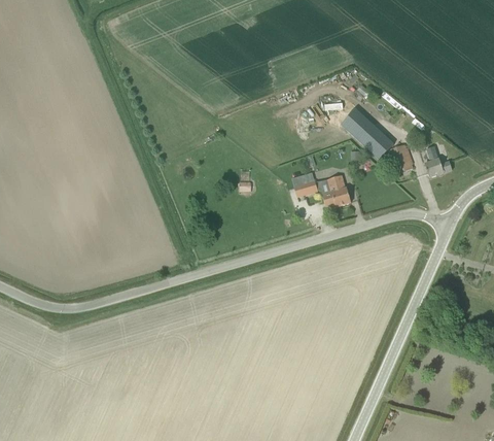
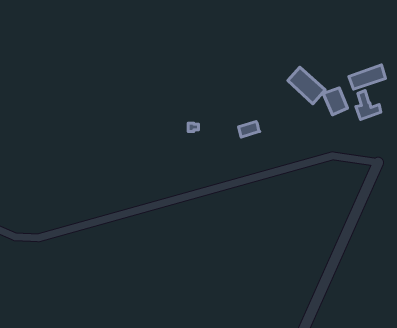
building: none -> [349,65,386,89]
building: [323,173,351,205] -> none

